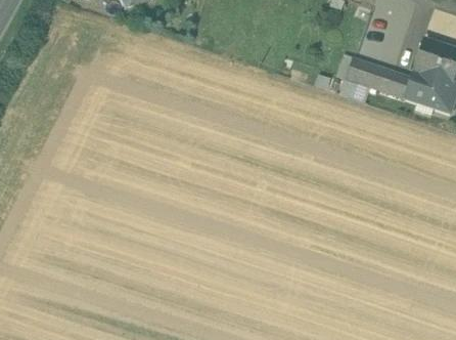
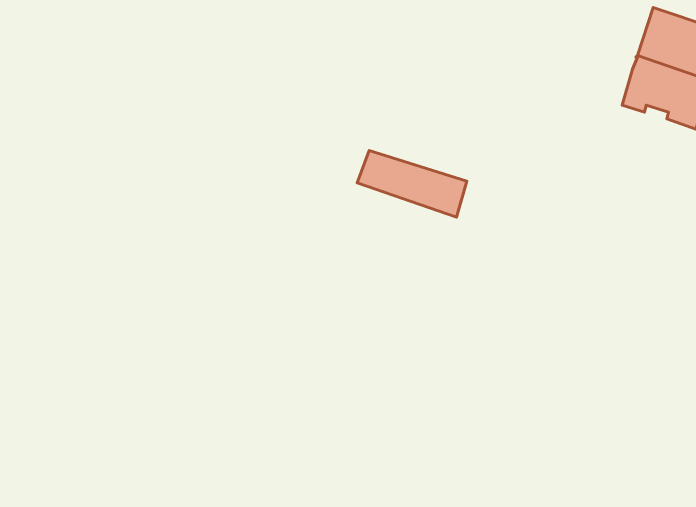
building: [347,59,412,99] -> [357,150,467,217]

